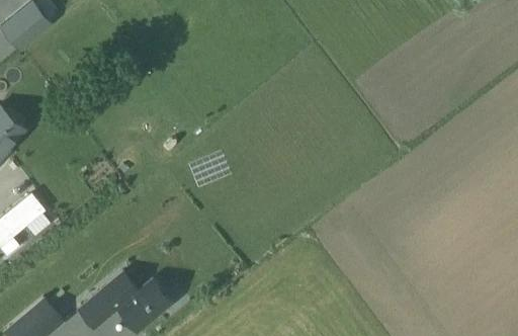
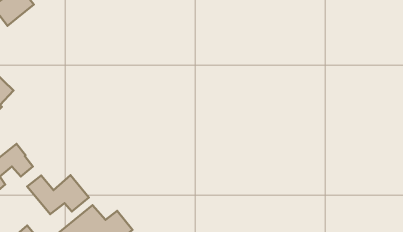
building: none -> [27,175,89,214]

